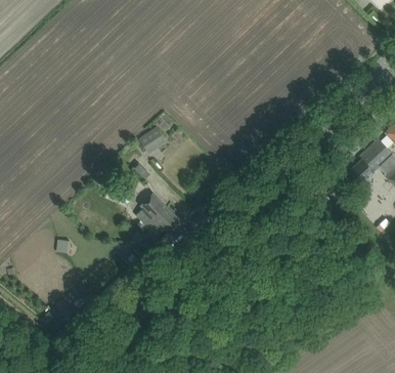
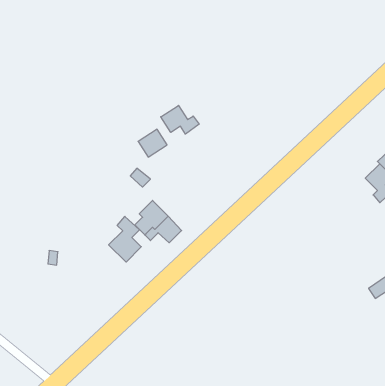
building: none -> [161,105,199,134]
building: none -> [109,216,141,262]

